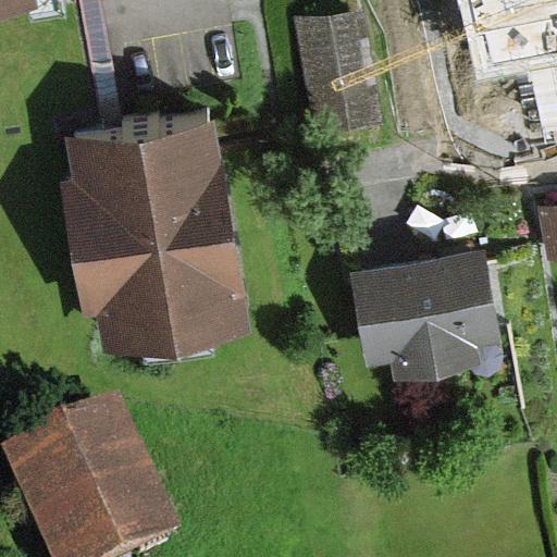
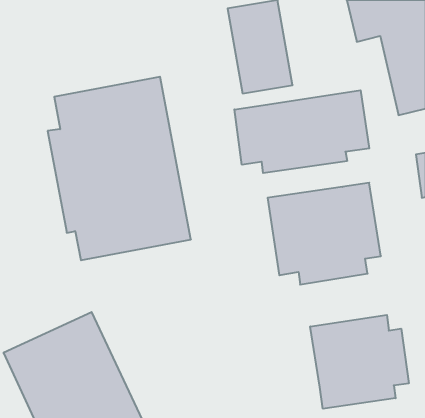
building: none -> [234,90,369,173]
building: none -> [310,315,409,409]

